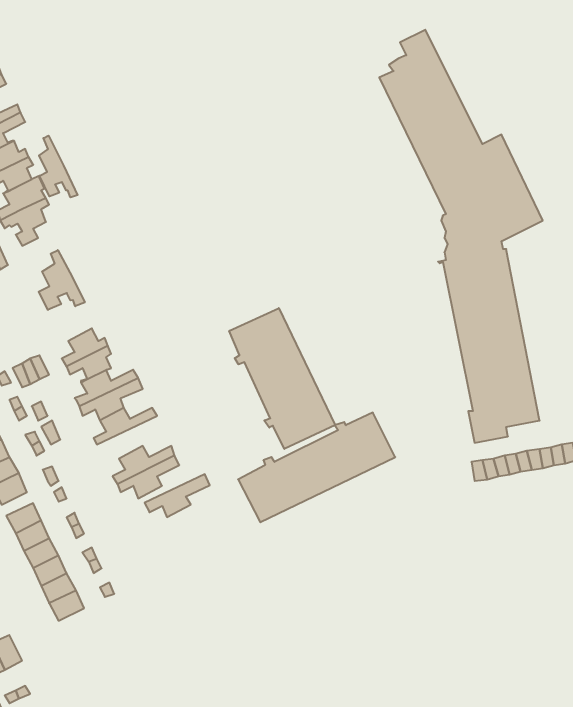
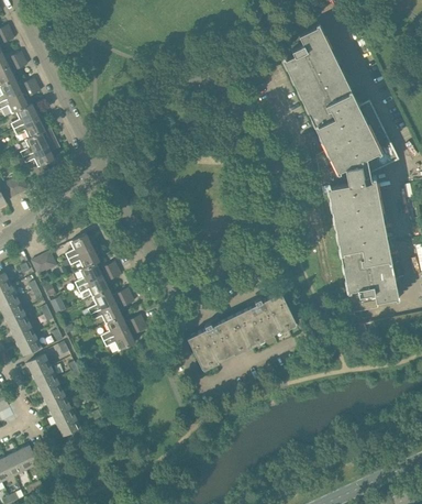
building: [39,136,78,197] -> none
building: [39,250,85,310] -> none
building: [229,308,335,449] -> none
building: [145,474,210,517] -> [89,294,134,324]

